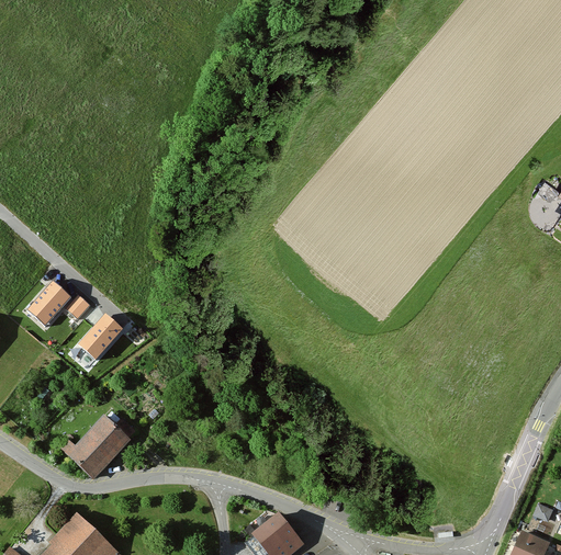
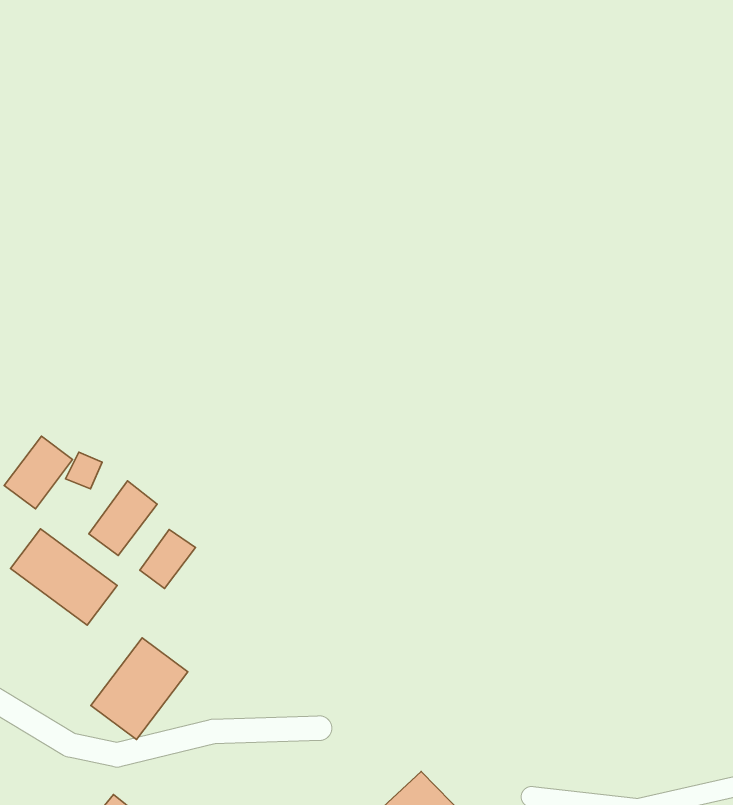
building: none -> [10,529,117,625]
building: none -> [140,529,195,588]

